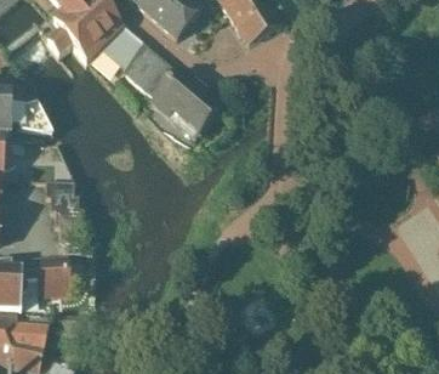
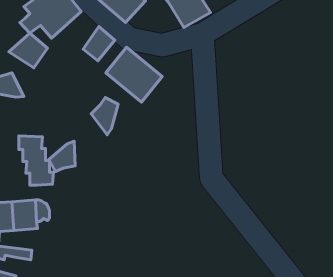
building: [96,24,143,67] -> [9,33,48,68]
building: none -> [91,97,118,135]
building: none -> [49,141,75,171]

